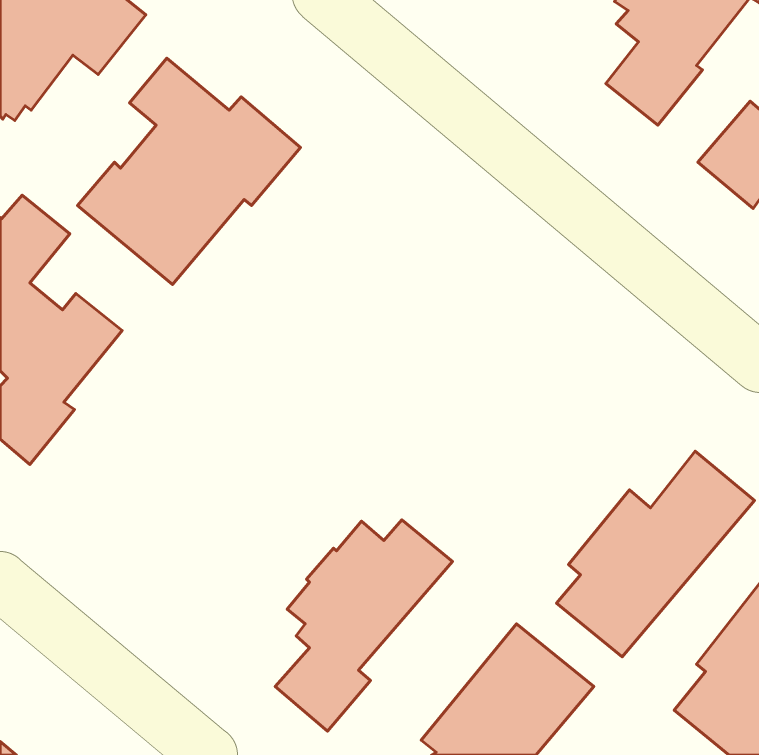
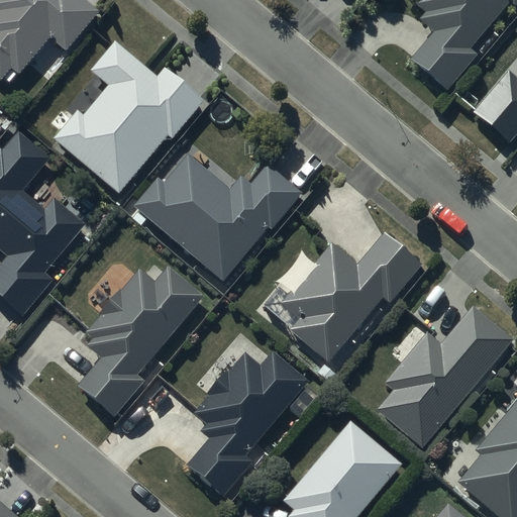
building: none -> [134,154,302,282]
building: none -> [280,231,422,361]
building: none -> [78,265,205,415]

